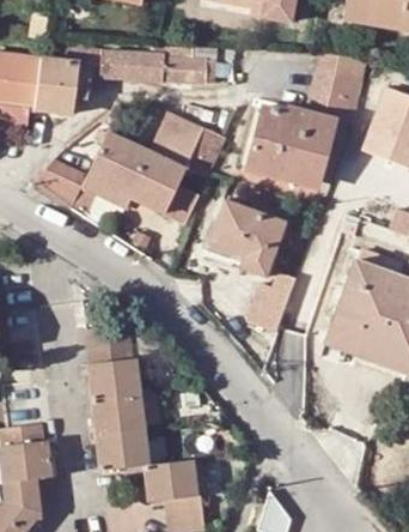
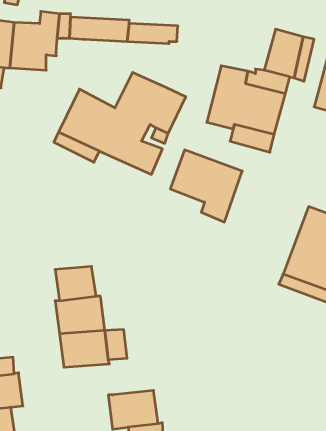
building: [35,158,86,201] -> none
building: [248,268,298,330] -> none
building: [93,428,146,467] -> none

